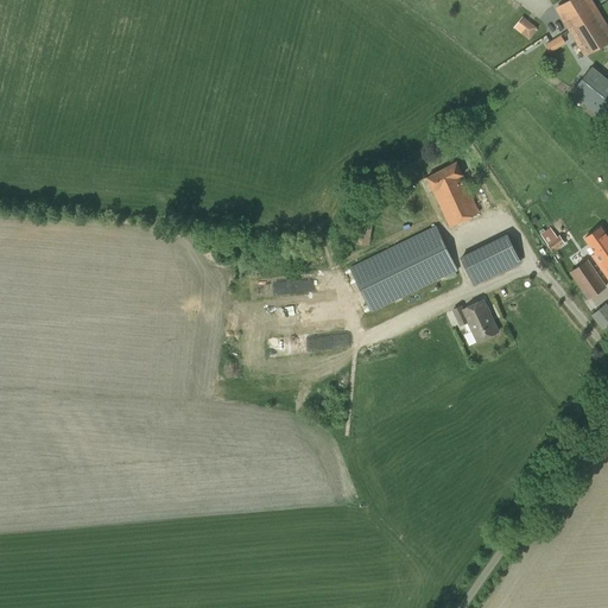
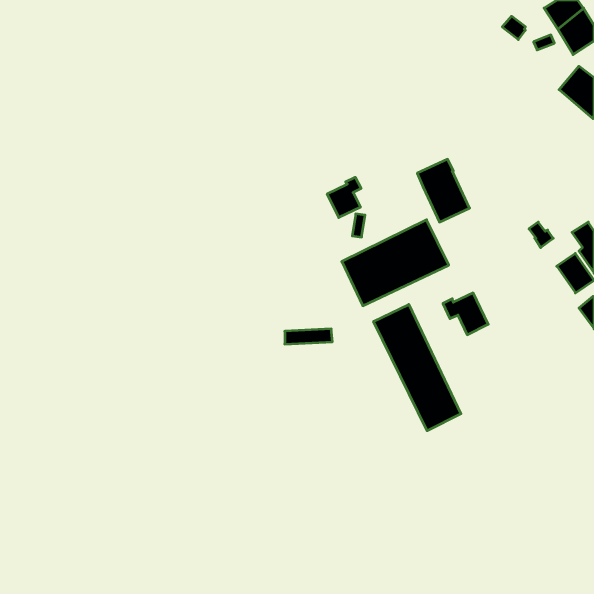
building: none -> [327,177,361,218]
building: [460,233,521,286] -> none
building: none -> [374,304,461,431]

